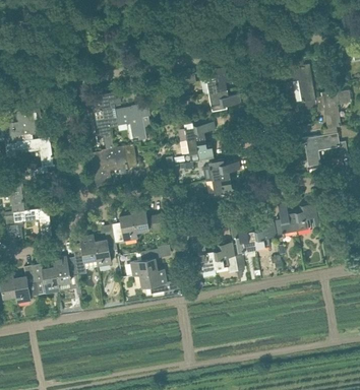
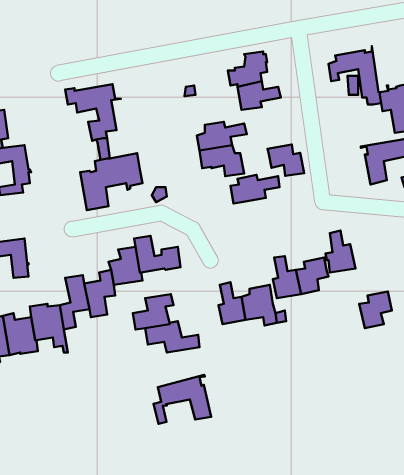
building: [115,104,149,141] -> none
building: [212,177,239,200] -> [267,145,304,176]
building: [293,202,317,230] -> [359,292,392,328]
building: none -> [153,375,211,424]

